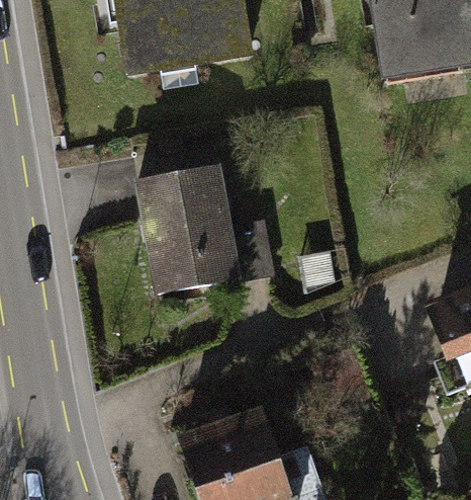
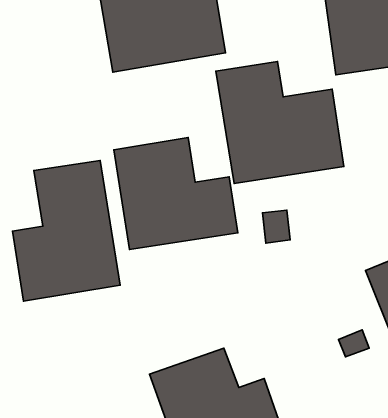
building: none -> [216,61,344,184]
building: none -> [12,161,120,301]

